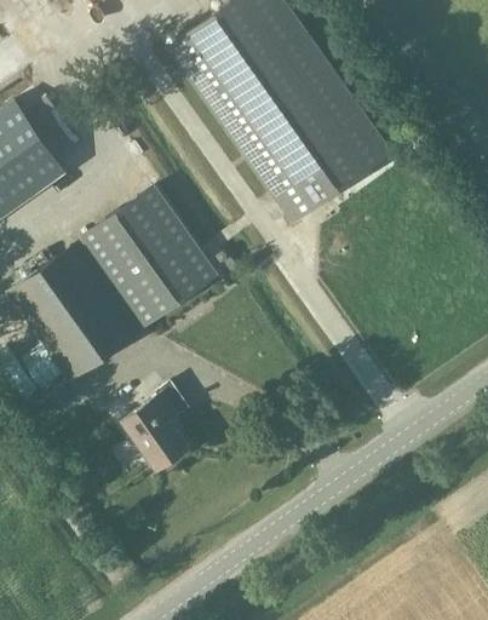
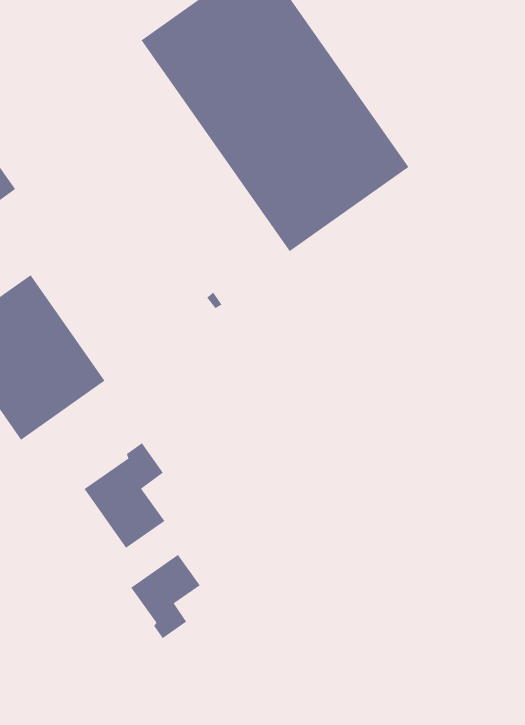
building: [82,188,216,327] -> none
building: none -> [130,554,201,639]

